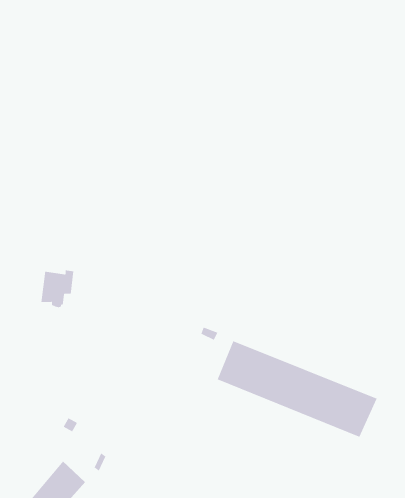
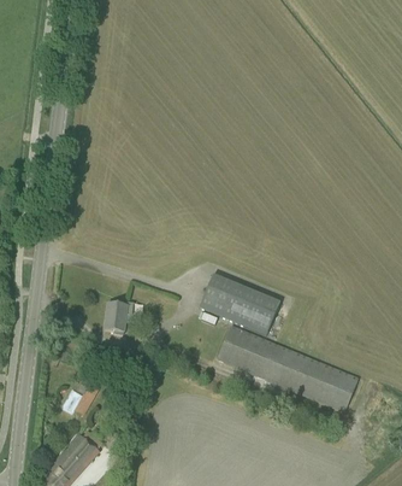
building: [40,270,74,308] -> [105,301,135,335]
building: none -> [200,274,280,335]

